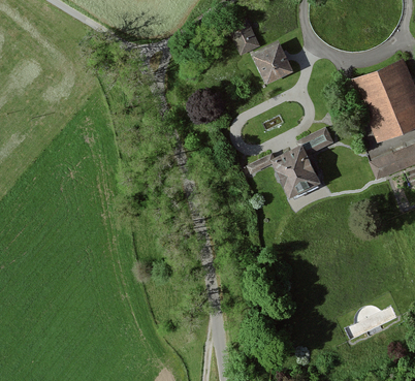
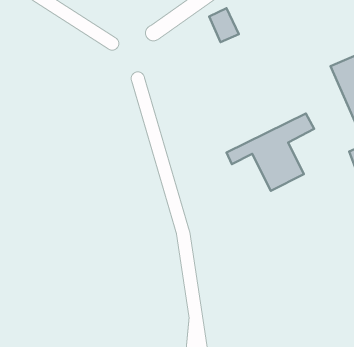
building: [252,40,294,82] -> none

